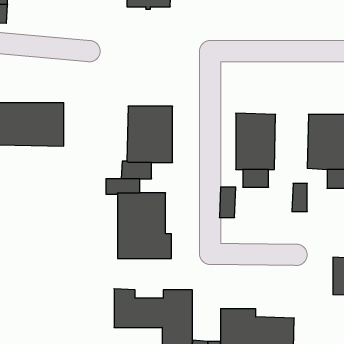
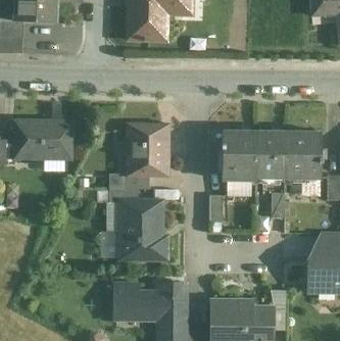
building: none -> [255,132,285,179]

